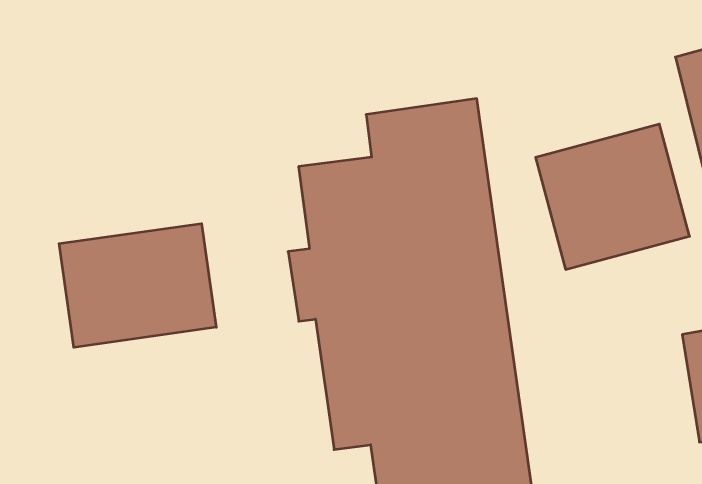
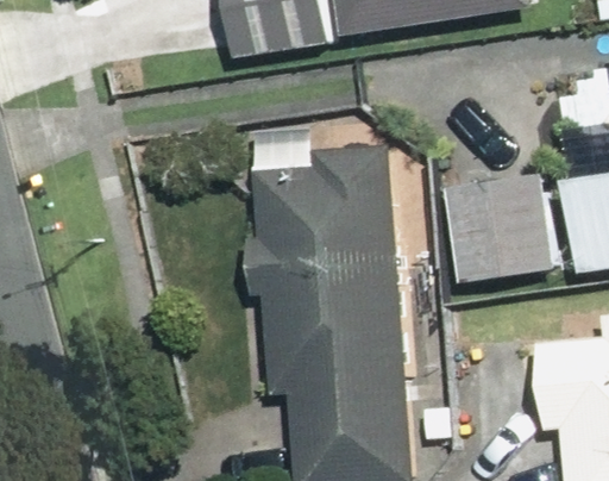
building: [59,224,216,347] -> none

